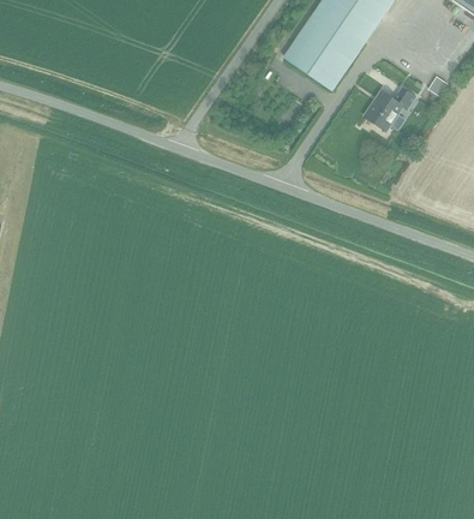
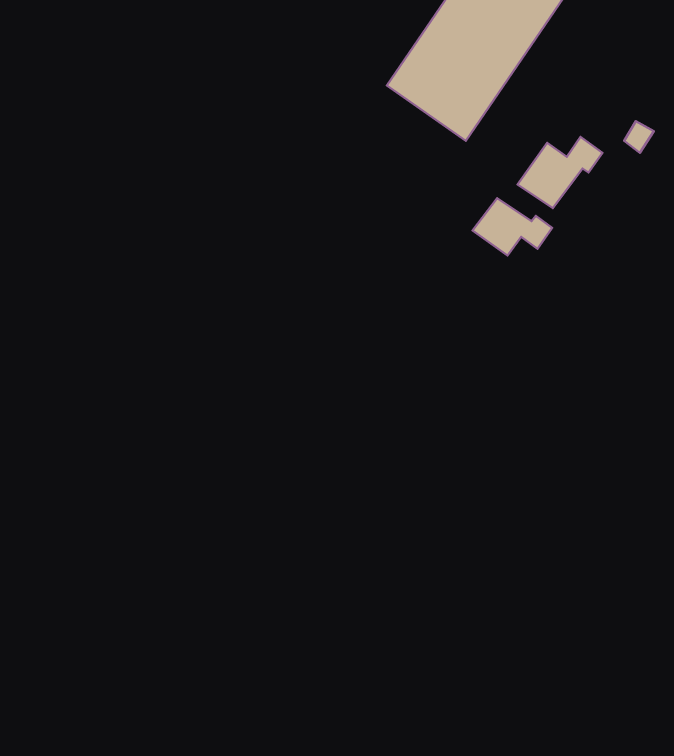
building: none -> [473,198,552,255]

